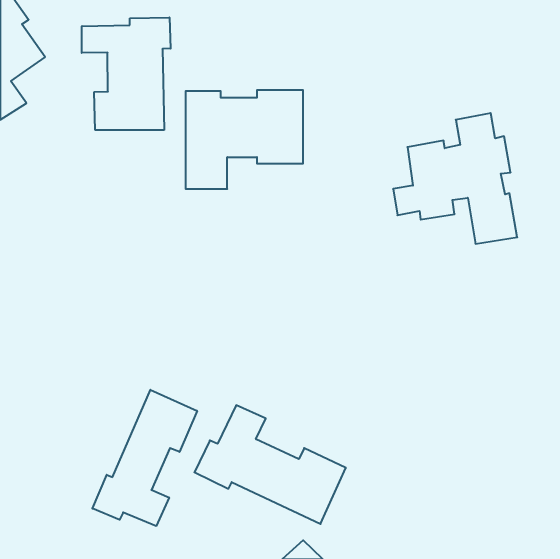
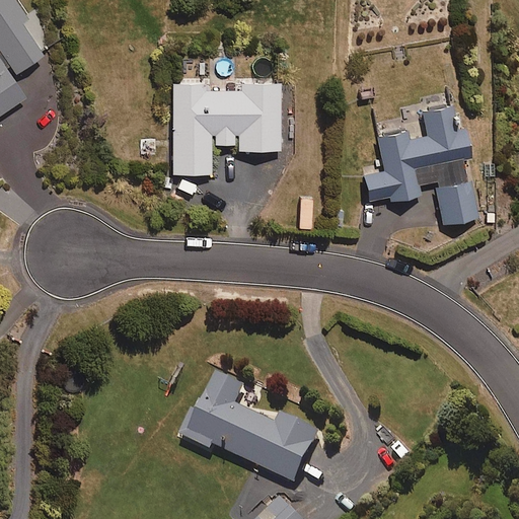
building: [82,17,171,130] -> none
building: [92,390,197,526] -> none

